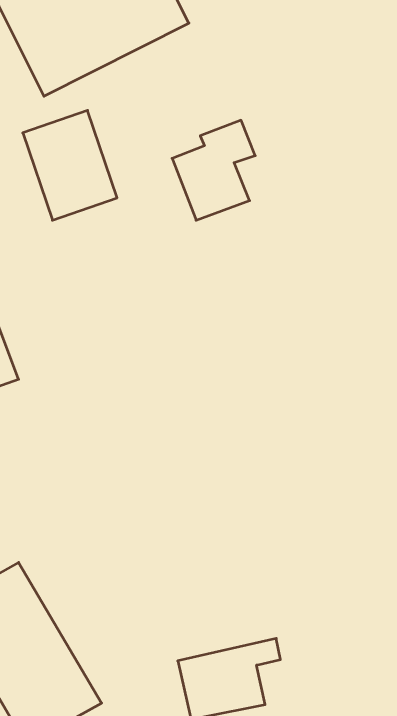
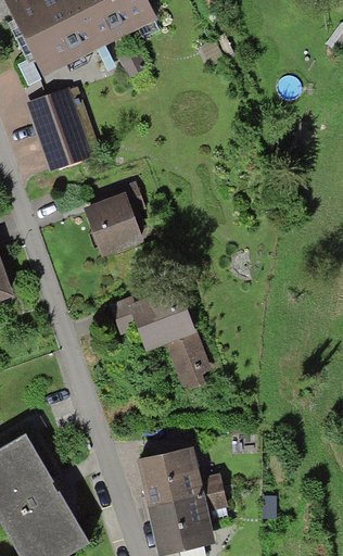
building: [172,120,255,220] -> [82,180,147,257]
building: none -> [111,282,208,392]
building: none -> [138,452,223,510]

